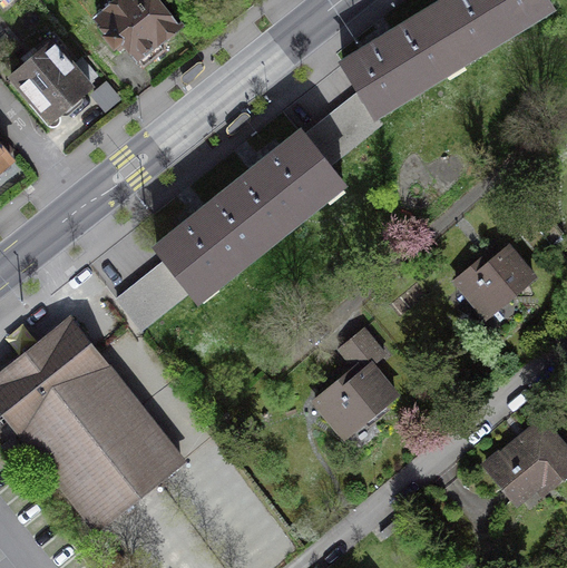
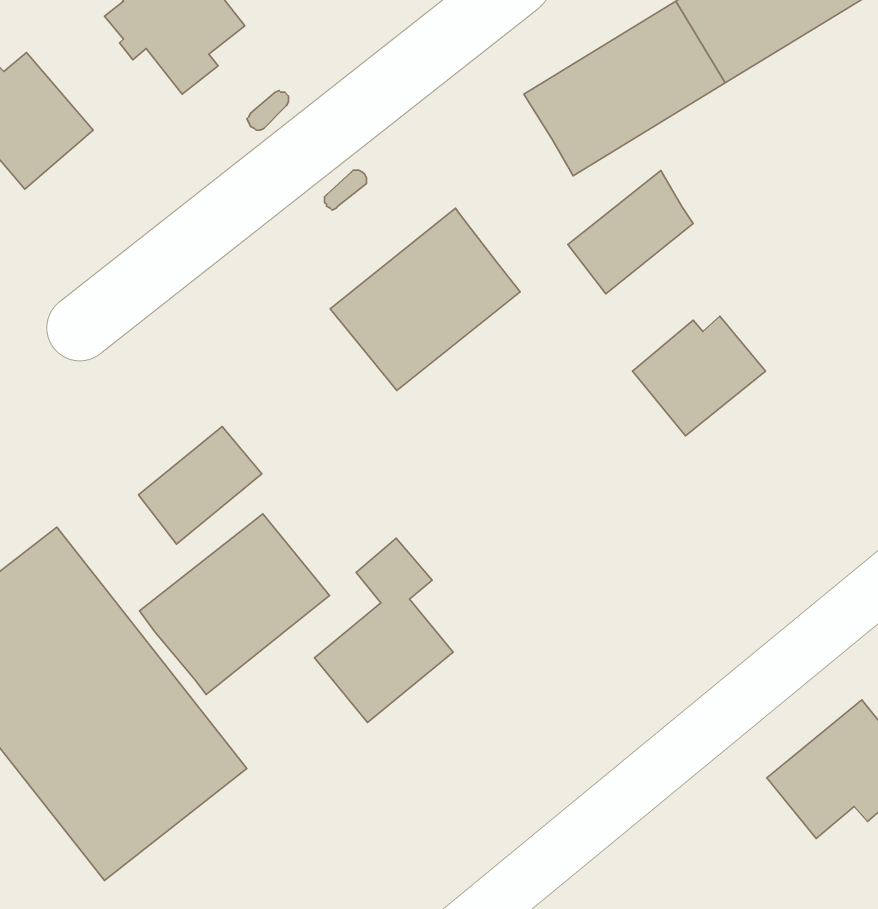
building: [306,92,380,165] -> [568,170,693,294]
building: [158,192,270,297] -> [140,514,329,694]
building: [457,246,535,316] -> [632,316,765,436]
building: [315,329,397,437] -> [314,538,453,722]

